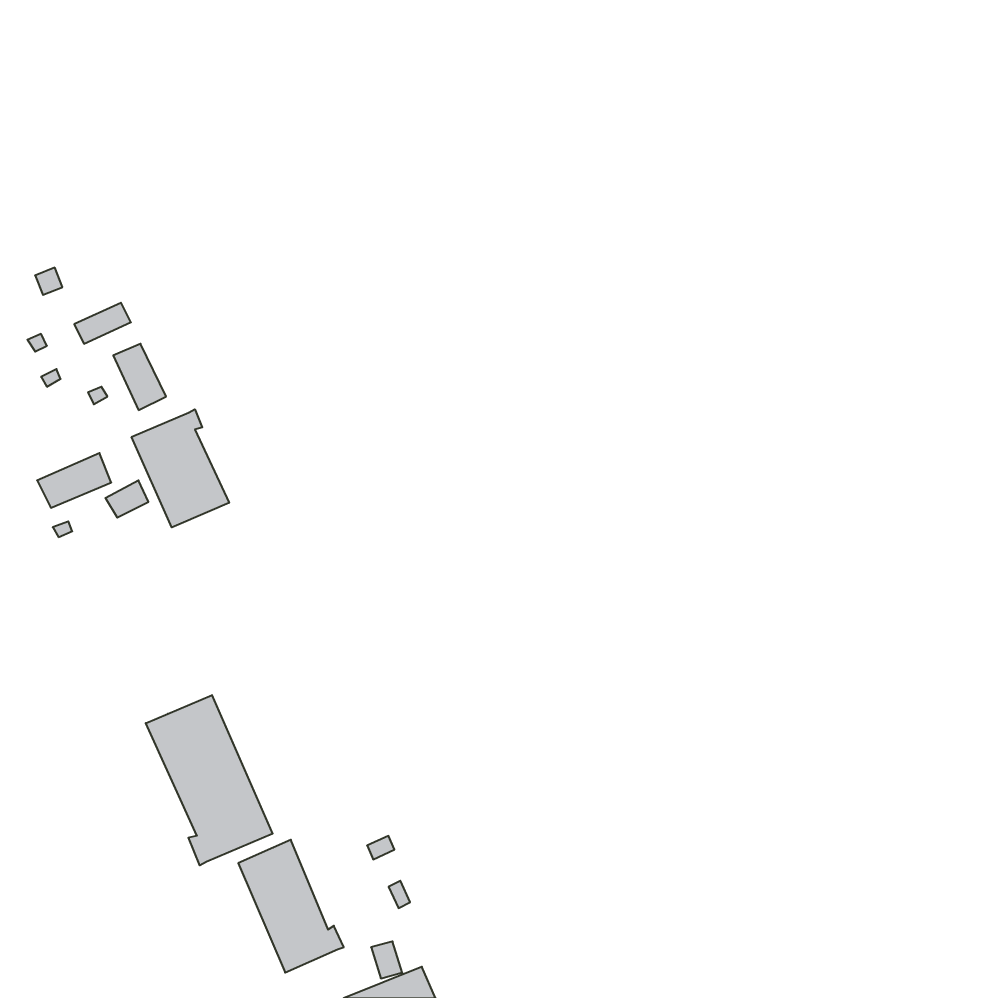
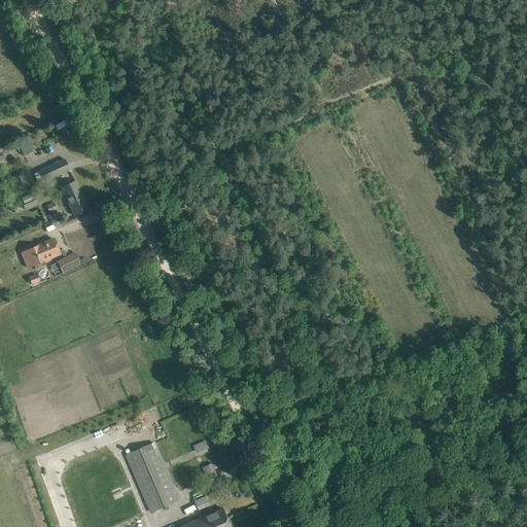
building: [132,409,229,527] -> none
building: [146,695,273,865] -> none

